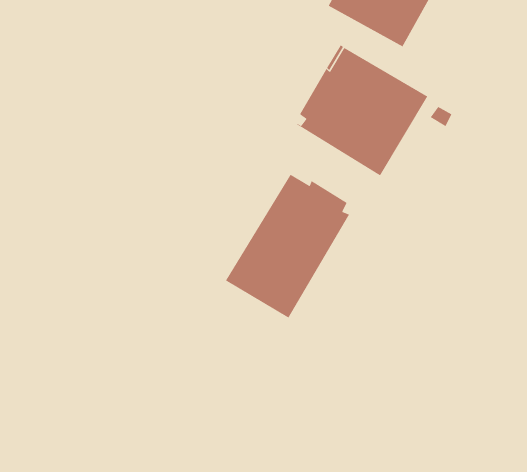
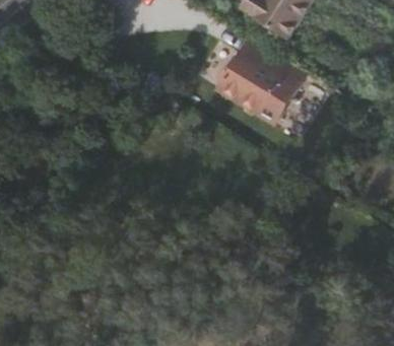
building: [225,174,355,319] -> none

